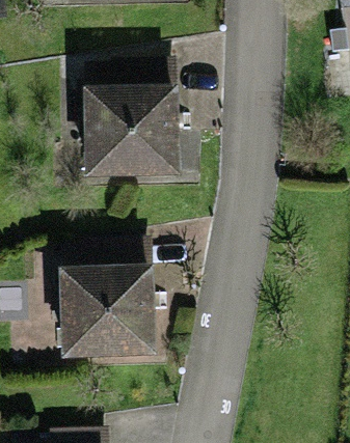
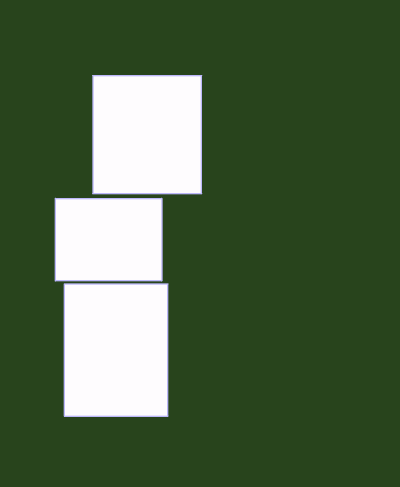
building: none -> [55,198,162,281]

